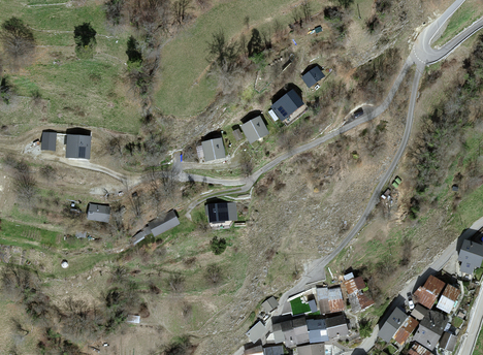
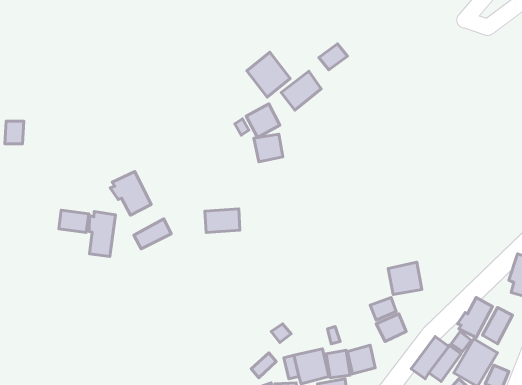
building: none -> [247,52,290,97]
building: [65,135,91,160] -> none
building: [200,138,224,161] -> [254,134,283,162]
building: none -> [110,171,151,215]
building: none -> [89,212,116,256]
building: [316,287,344,314] -> [388,262,422,295]

